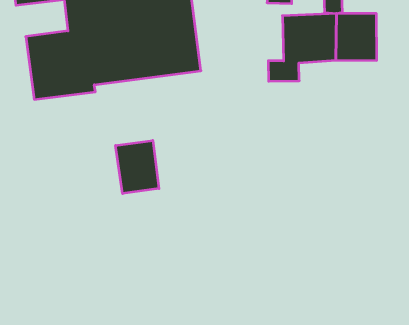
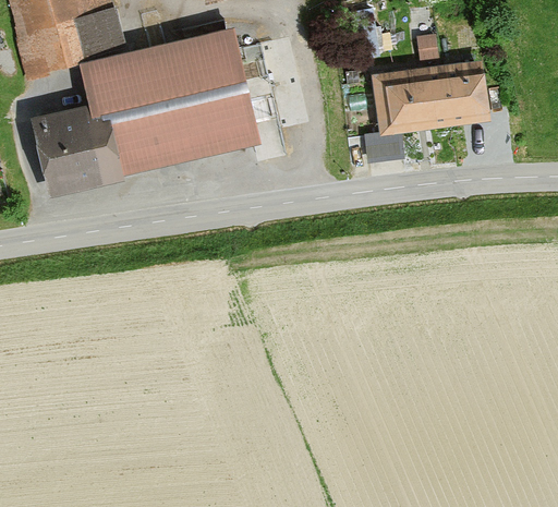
building: [116,140,159,194] -> none

